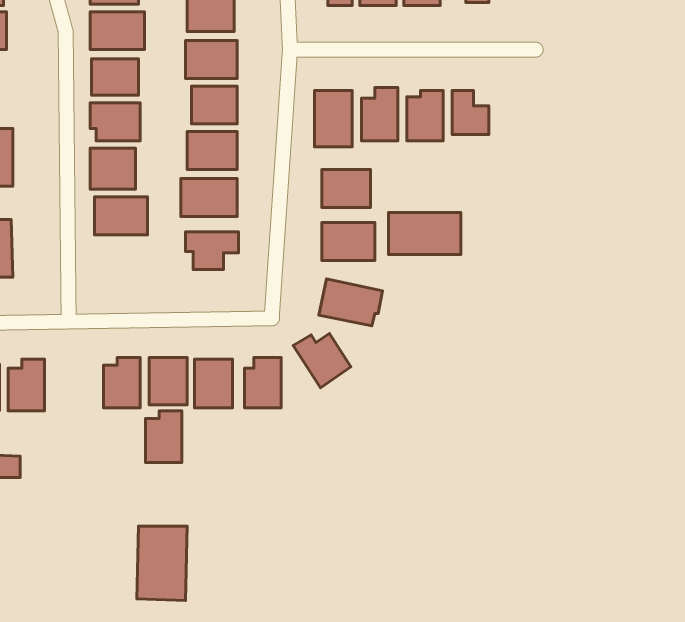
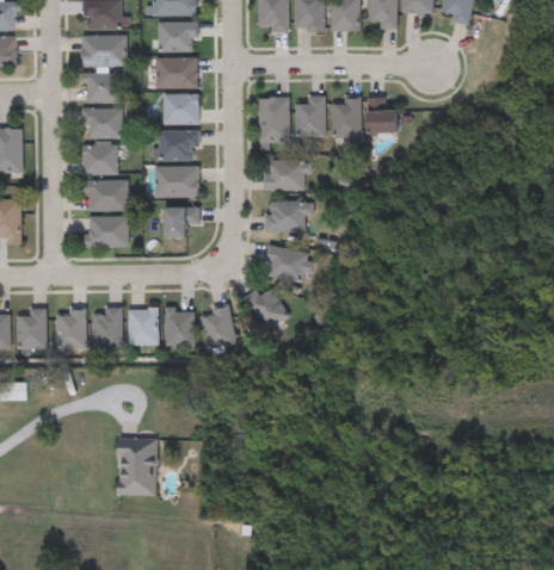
building: [388,213,461,255] -> none
building: none -> [86,216,129,247]
building: [146,411,182,462] -> [57,309,86,349]

